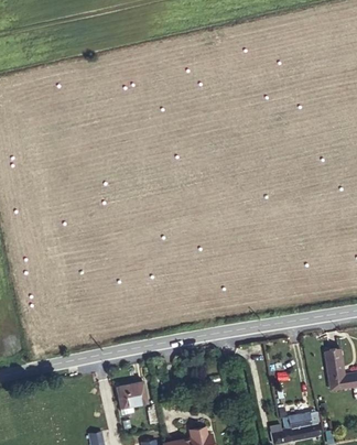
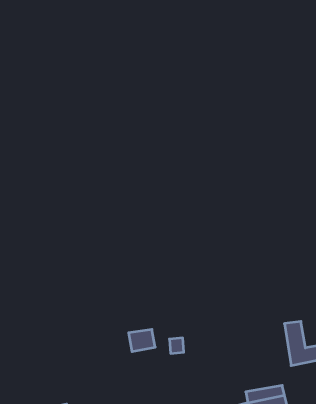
building: [119,376,145,398] -> [129,329,155,352]

